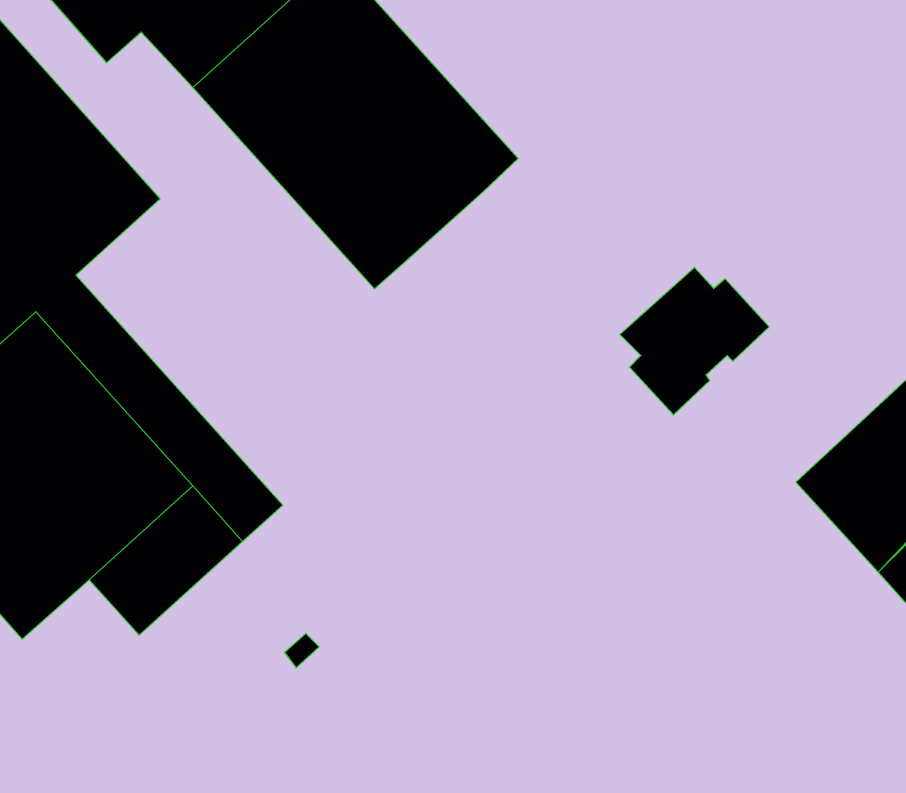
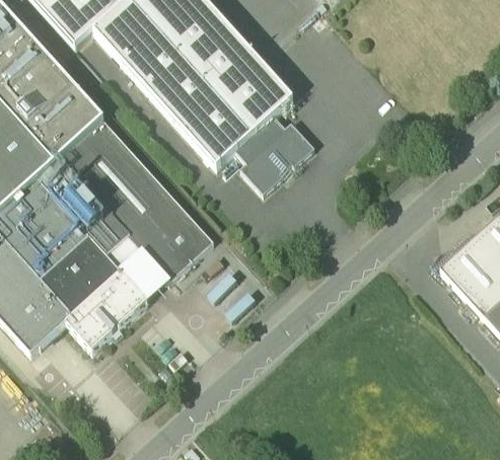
building: none -> [59,119,214,281]
building: [620,267,769,415] -> [235,114,314,193]

